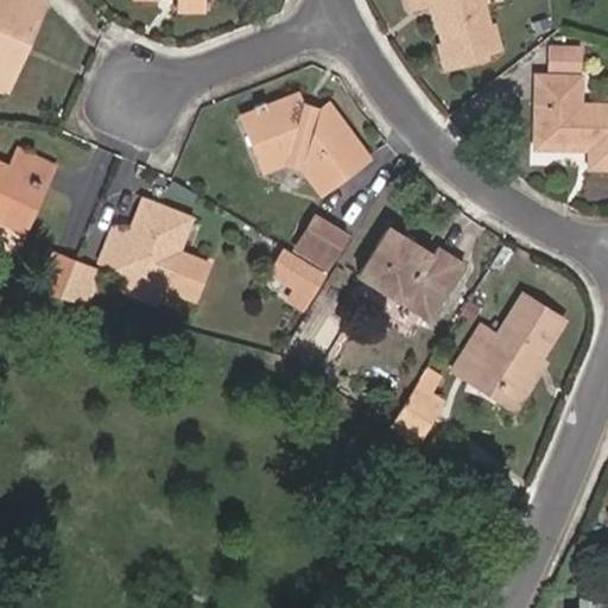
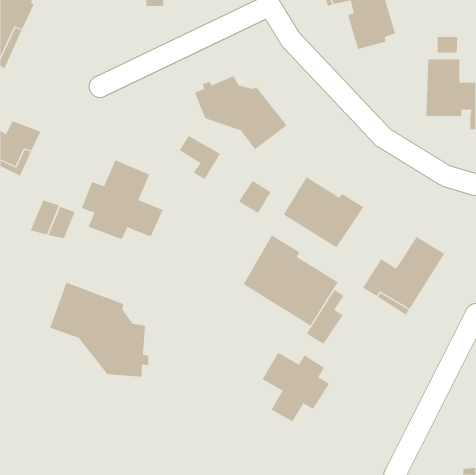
building: [270,249,323,306] -> [179,135,221,180]
building: none -> [243,234,339,326]
building: none -> [50,282,149,377]
building: none -> [262,352,330,422]

